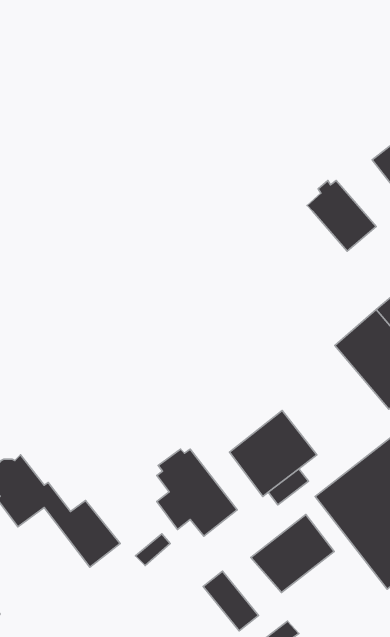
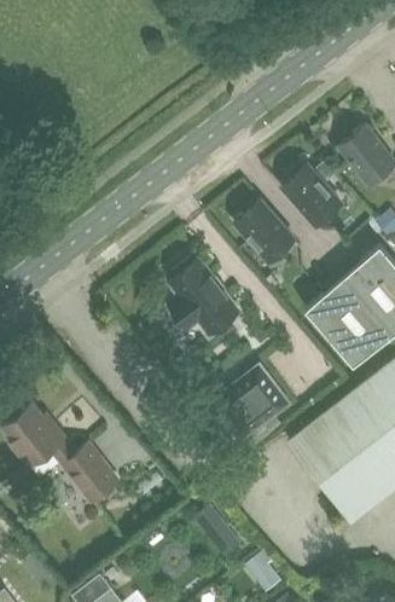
building: none -> [234,202,295,264]
building: [157,449,237,536] -> [169,260,239,336]
building: [251,515,334,593] -> none

